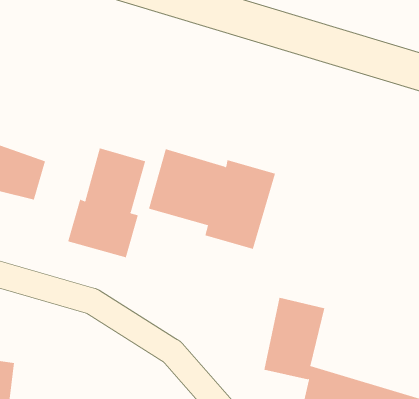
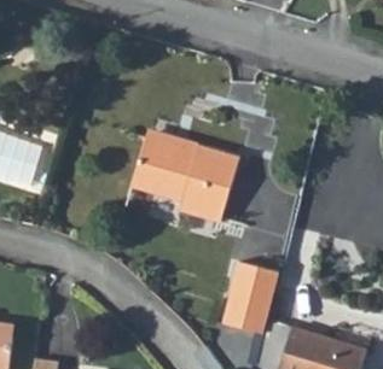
building: [67,147,146,258] -> none

